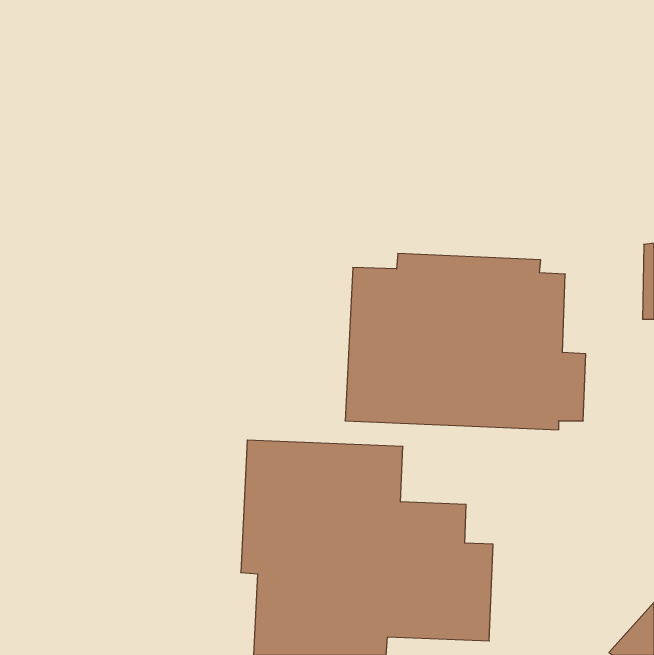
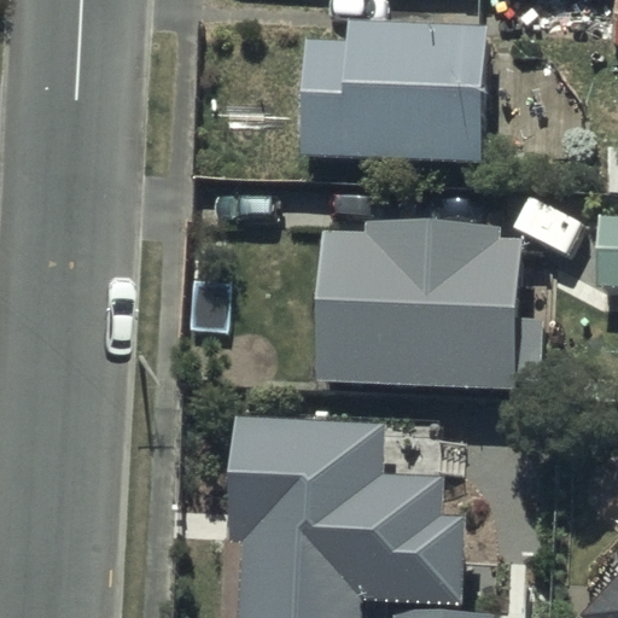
building: none -> [298,19,484,161]

